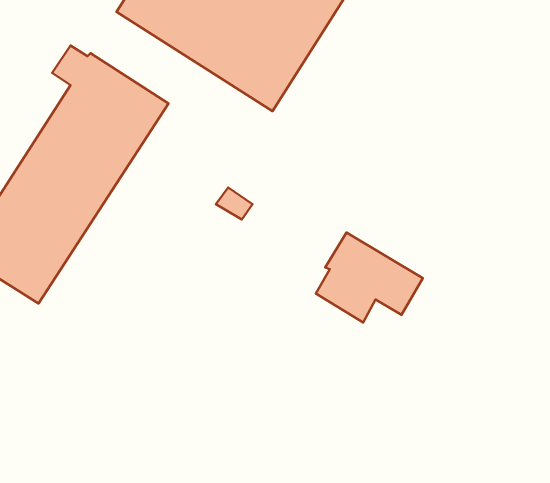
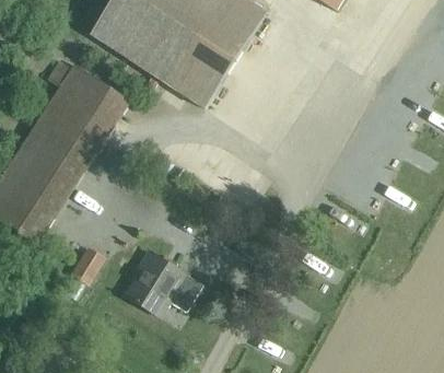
building: [316,232,423,323] -> [124,249,200,314]
building: none -> [70,245,103,281]

